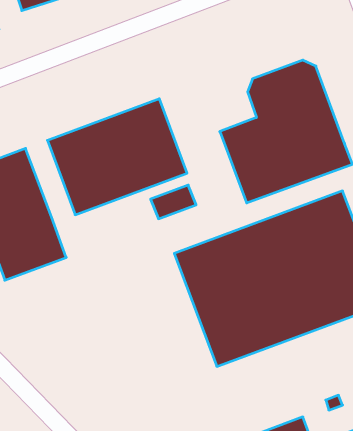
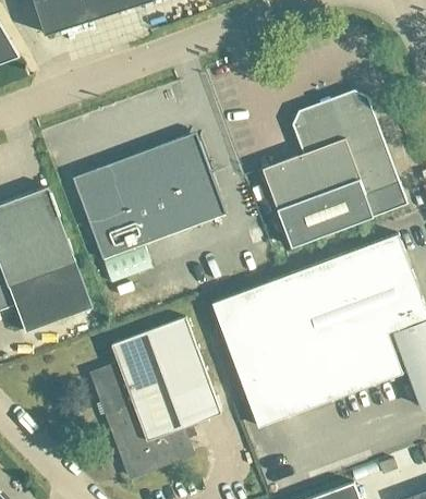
building: [151,185,196,219] -> [102,246,153,283]
building: none -> [90,318,220,477]

